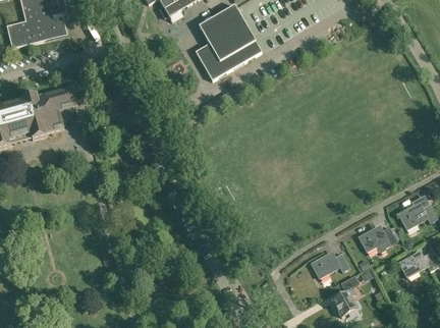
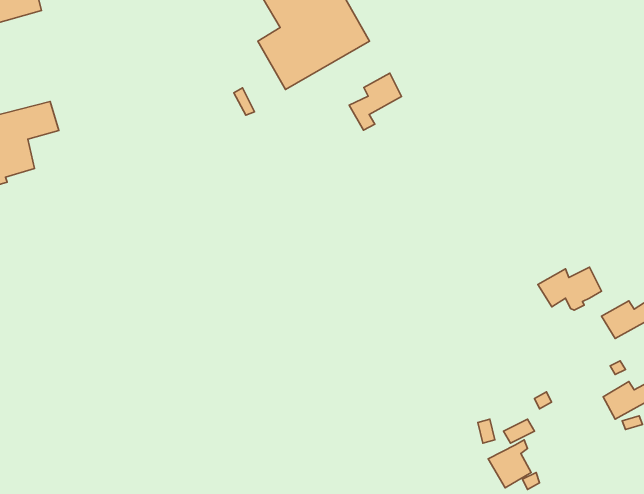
building: none -> [349,73,401,130]
building: [359,226,396,252] -> [538,267,601,310]
building: [311,252,349,276] -> none

